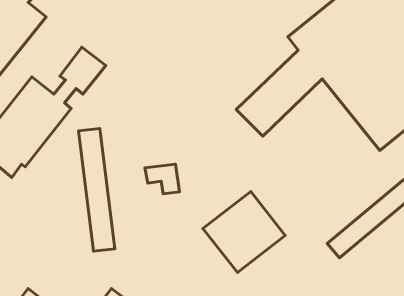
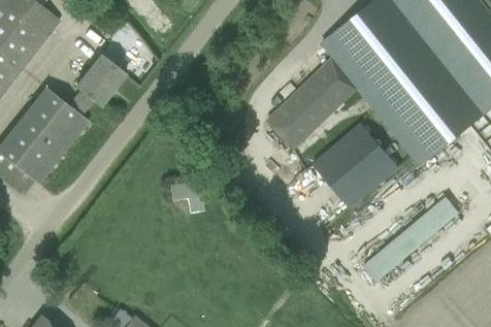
building: [79,128,115,251] -> none
building: [203,191,285,273] -> [307,123,396,210]

